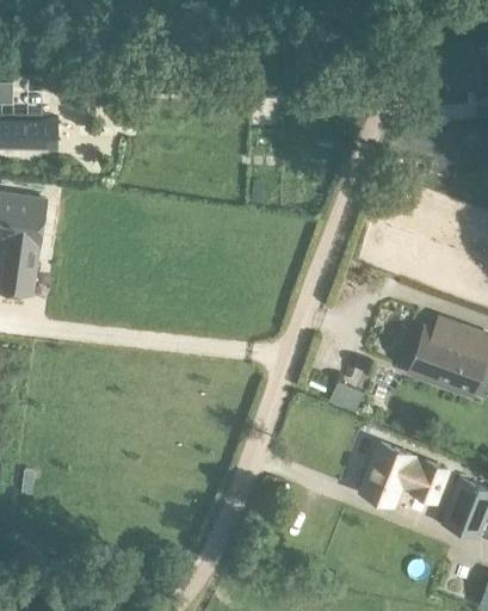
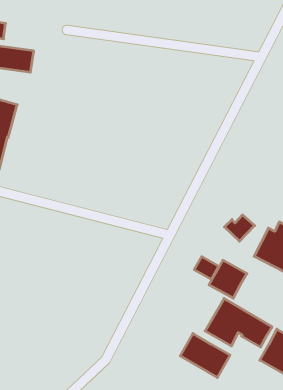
building: none -> [209,260,247,298]
building: none -> [180,333,230,378]

